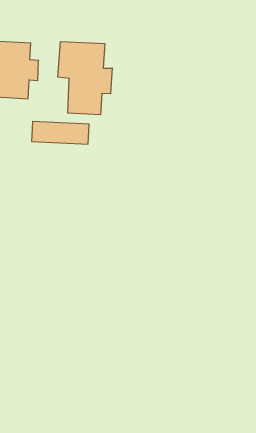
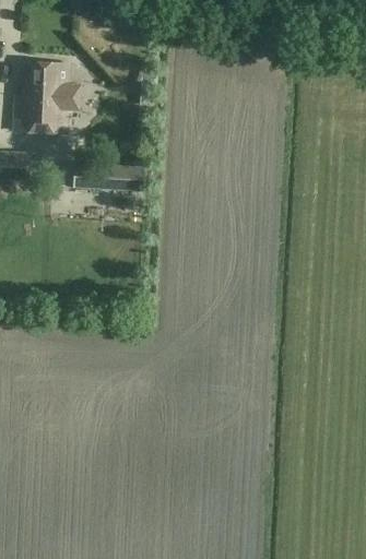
building: [58,42,112,115] -> none

